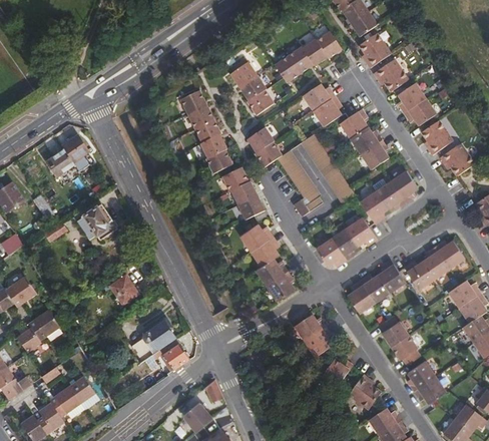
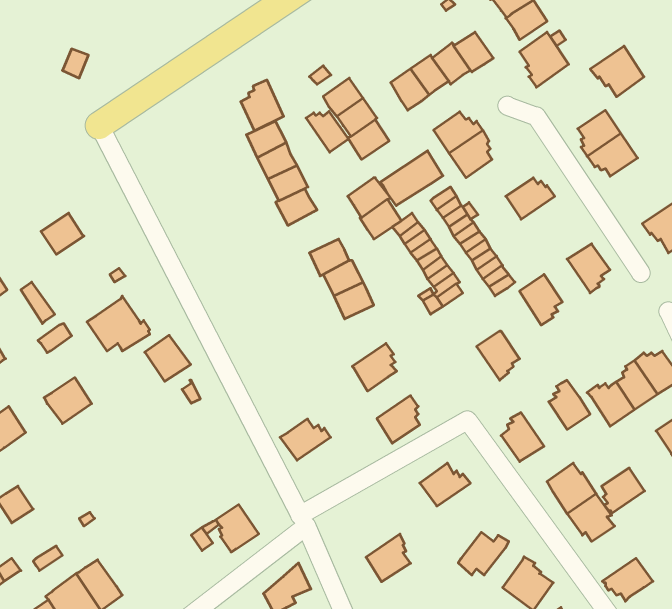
building: [373,59,408,92] -> [590,46,644,97]
building: none -> [241,80,284,131]
building: none -> [306,111,348,152]
building: [339,109,368,139] -> none
building: none -> [380,151,443,206]
building: [421,120,453,155] -> none
building: [61,134,90,173] -> none
building: [360,139,389,170] -> none
building: [205,149,232,174] -> none
building: [375,180,405,208] -> none
building: [347,216,376,246] -> none
building: [239,224,272,251] -> none
building: [316,238,346,267] -> none
building: [255,258,288,285] -> [280,419,331,460]
building: [360,274,390,303] -> none
building: [109,276,139,306] -> [145,335,191,381]
building: [28,311,59,341] -> [44,378,92,424]
building: [141,320,175,350] -> none
building: [305,327,334,358] -> [366,534,411,582]
building: [407,361,435,391] -> [602,468,645,514]

